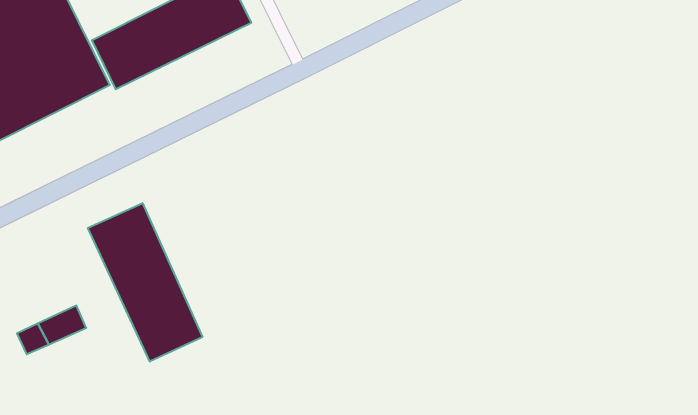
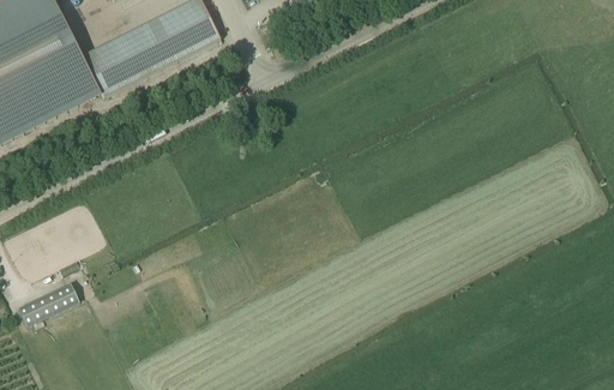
building: [88,203,202,362] -> none

